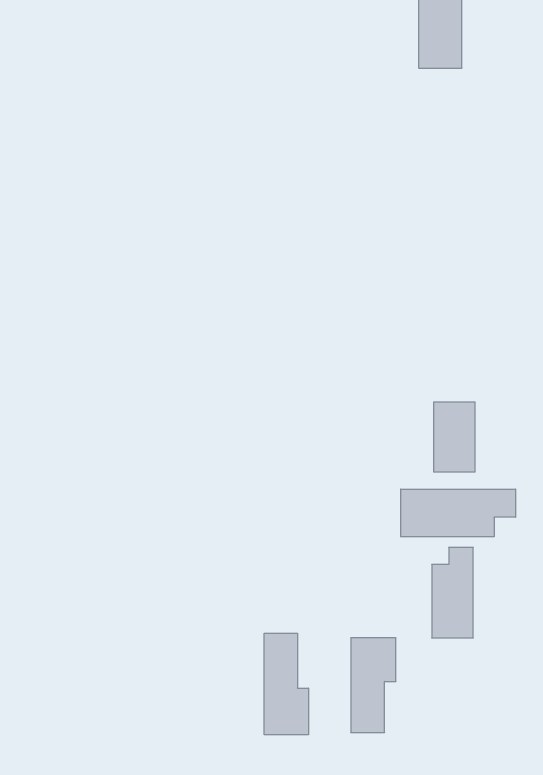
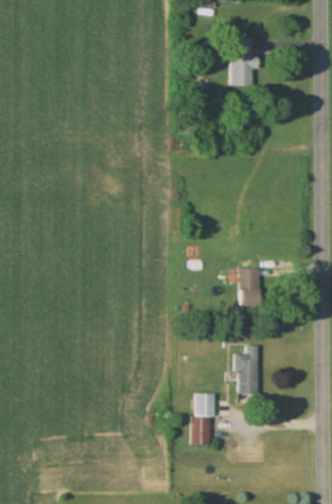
building: [401,489,516,537] -> none
building: [264,633,308,735] -> none

